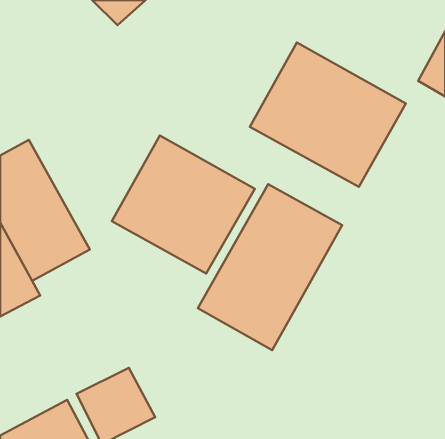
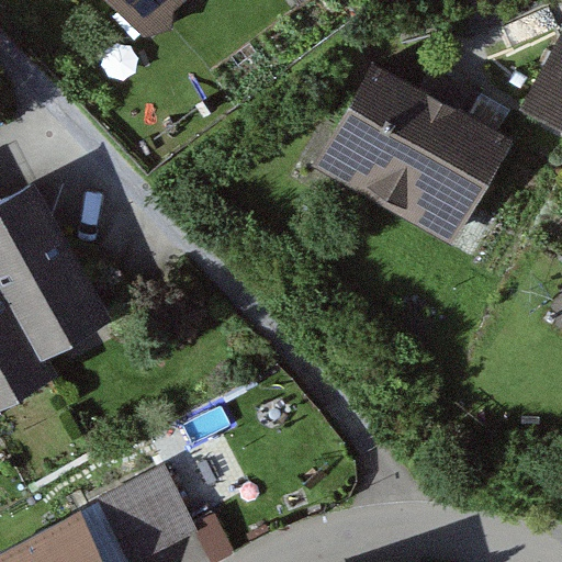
building: [112,136,255,274] -> none
building: [198,184,342,350] -> none

